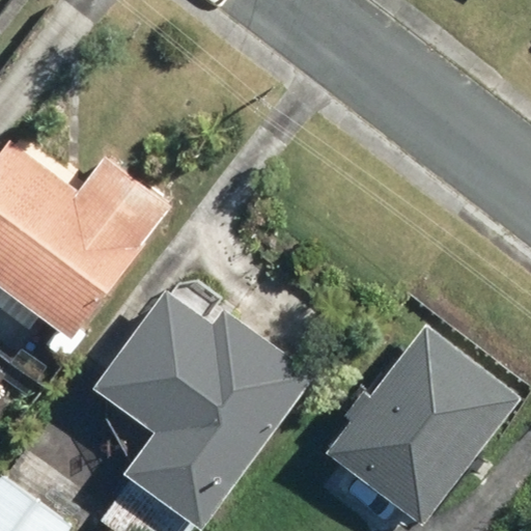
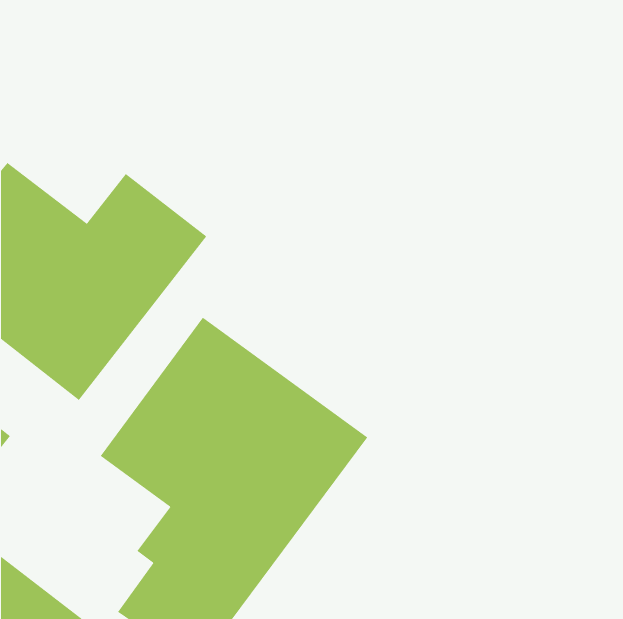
building: [332,330,519,524] -> none

